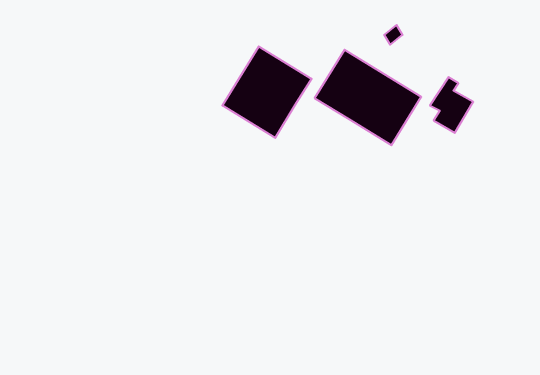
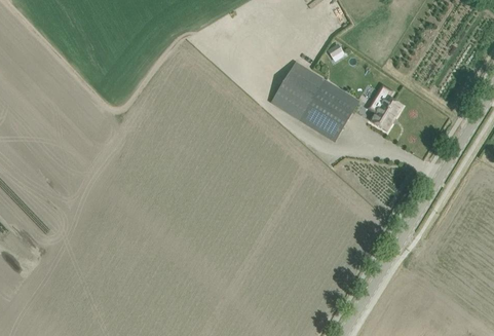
building: [222,46,312,138] -> none

